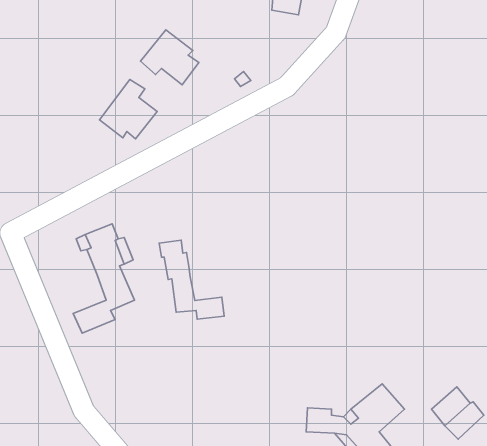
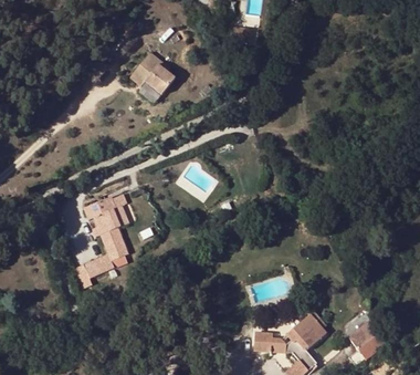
building: [99,80,157,139] -> none
building: [159,240,224,319] -> none

